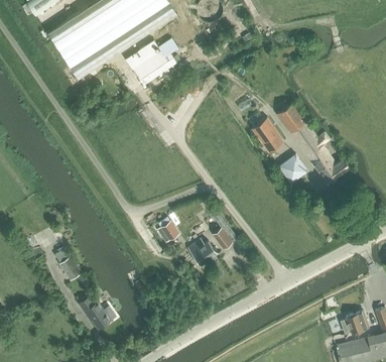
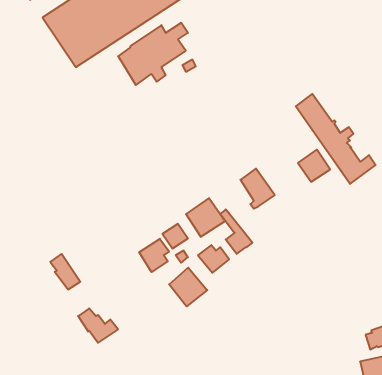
building: [253,117,284,153] -> [240,169,275,209]
building: none -> [186,198,225,237]
building: none -> [139,239,169,272]
building: none -> [169,268,207,306]

